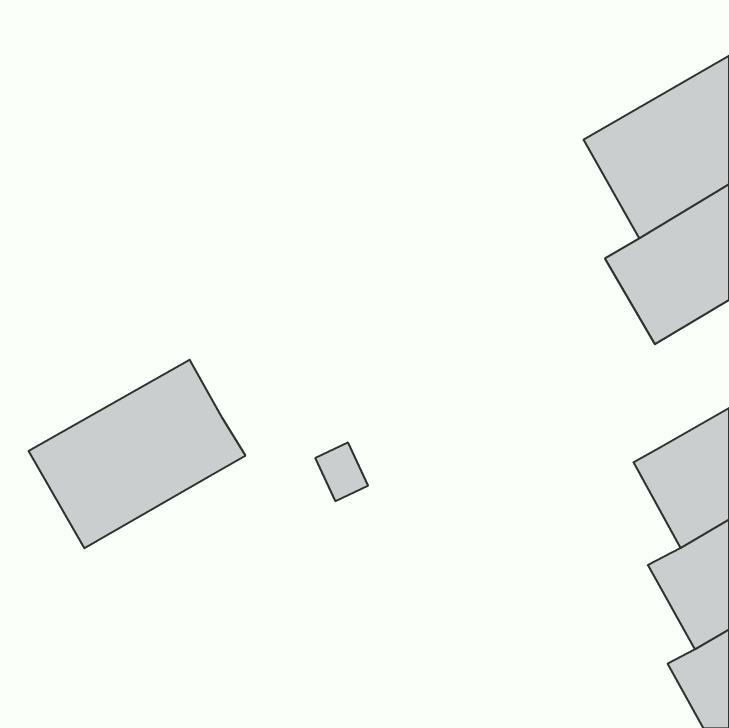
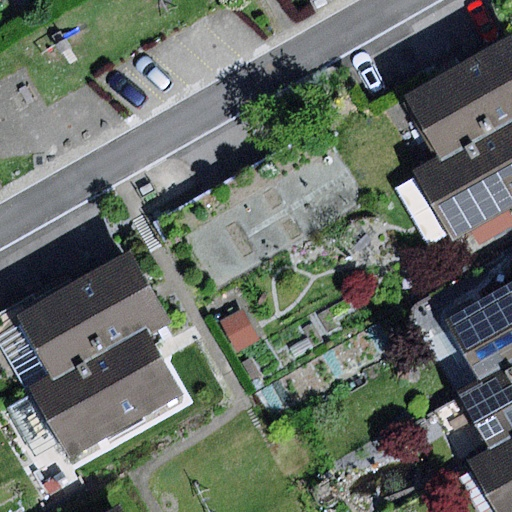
building: none -> [34,334,181,459]

